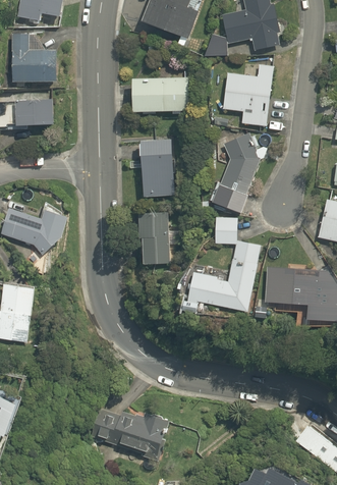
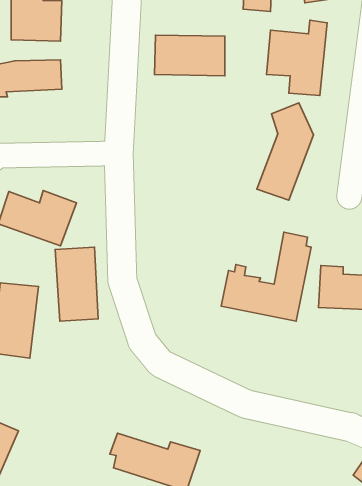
building: [138,139,179,197] -> none
building: [134,204,170,265] -> [55,247,98,321]
building: [213,217,235,244] -> none

